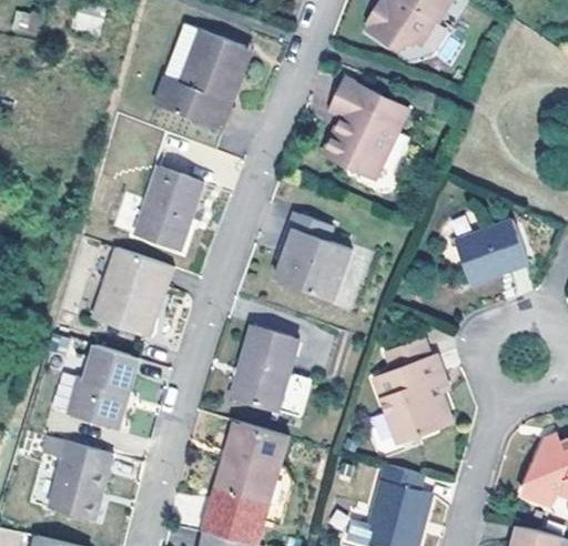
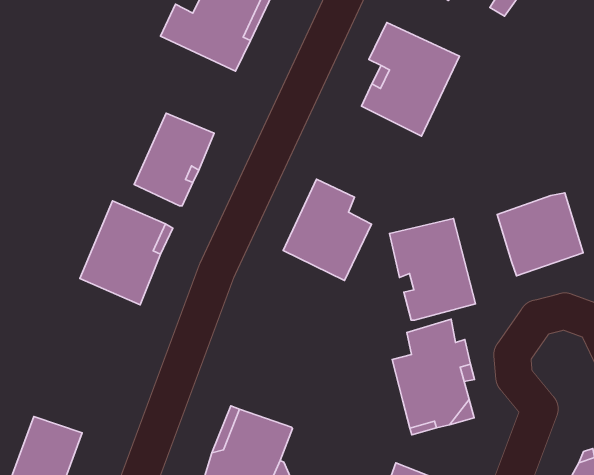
building: none -> [390,218,475,320]
building: [224,327,297,415] -> none
building: [65,346,138,426] -> none

